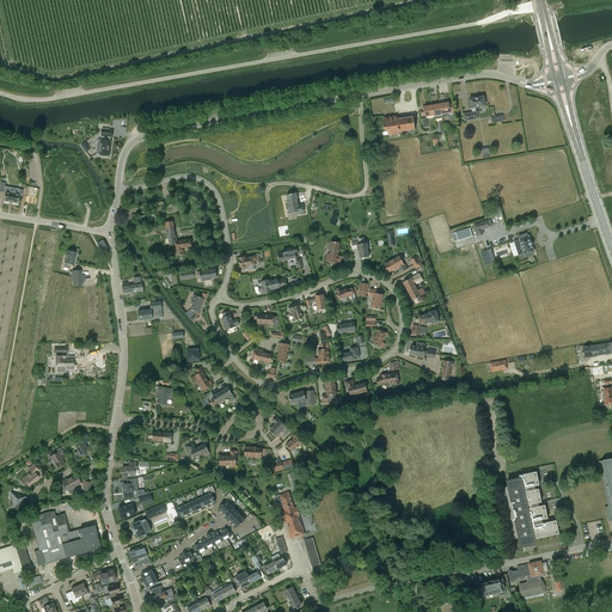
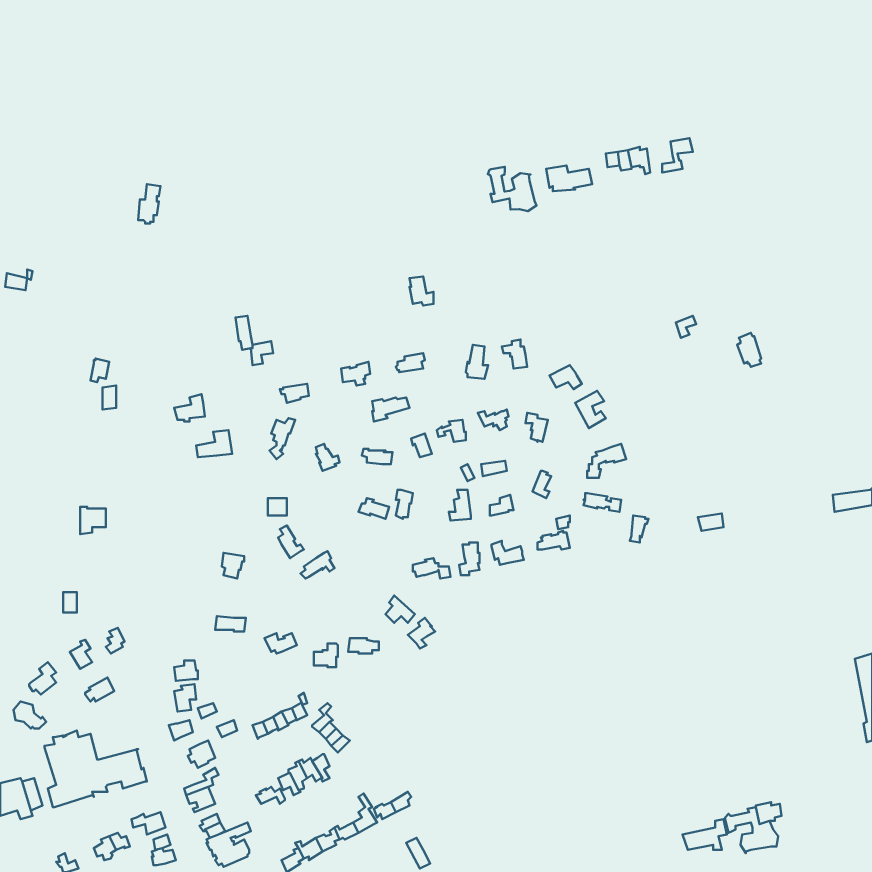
building: none -> [488,167,537,211]
building: [502,472,558,547] -> none
building: [274,492,304,538] -> none

